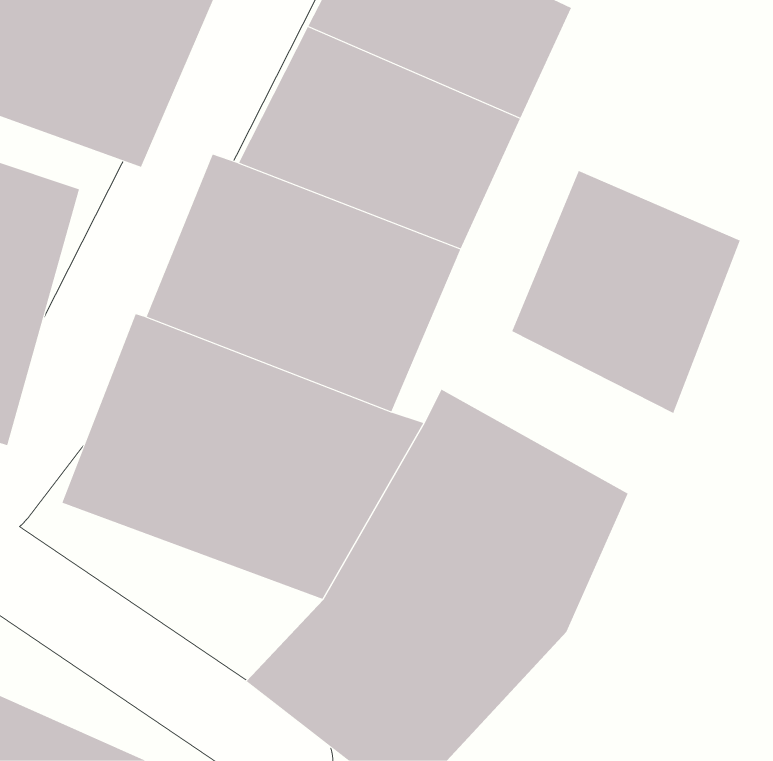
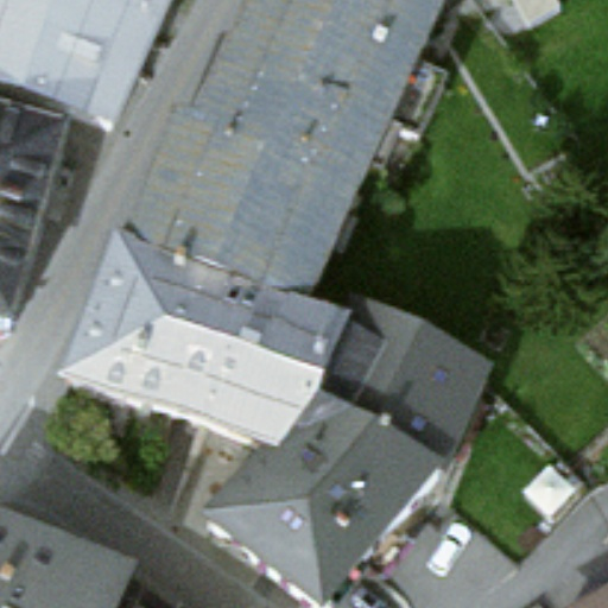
building: [512,170,741,414] -> none

